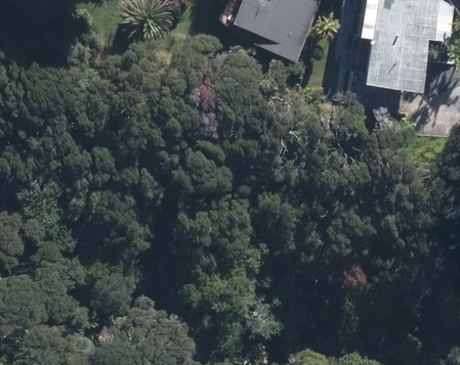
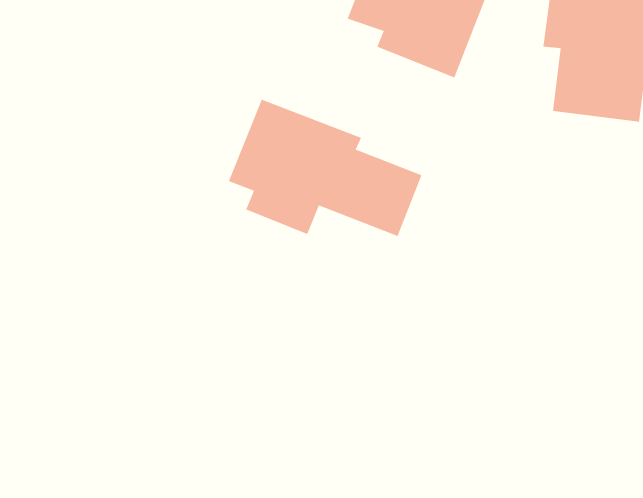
building: none -> [228,99,422,237]

